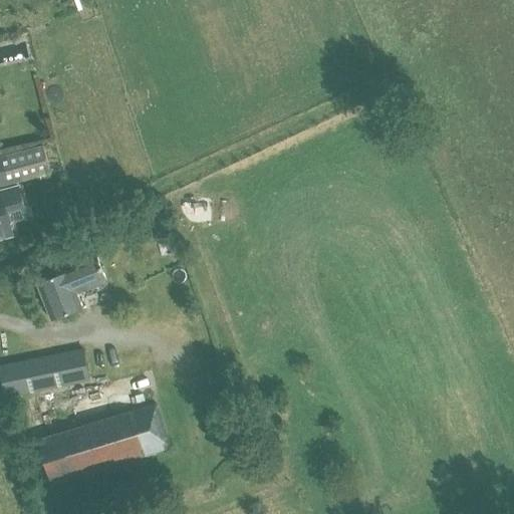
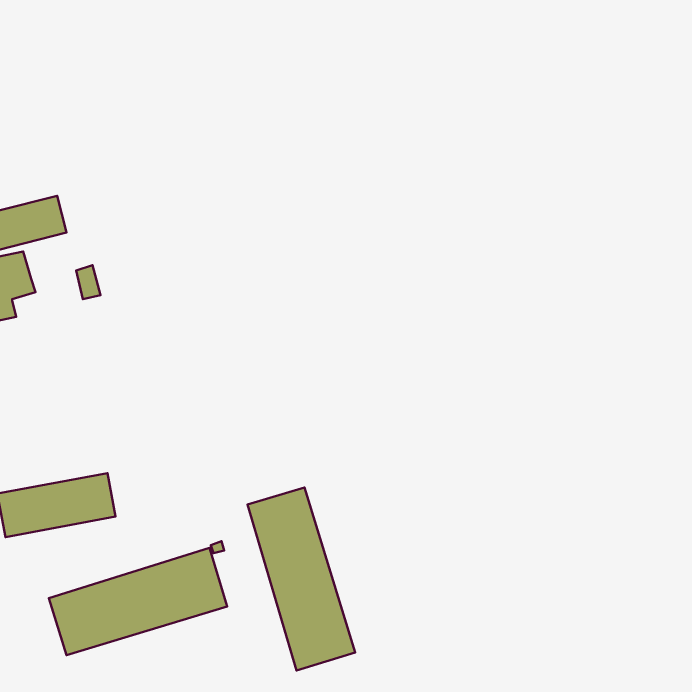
building: [36,257,107,319] -> none
building: none -> [247,487,355,671]

